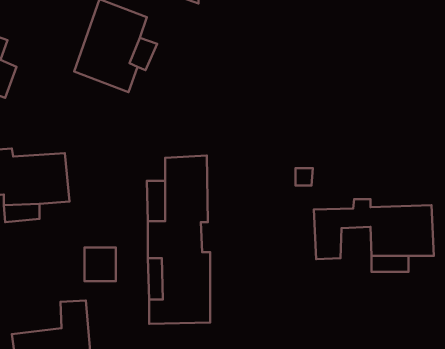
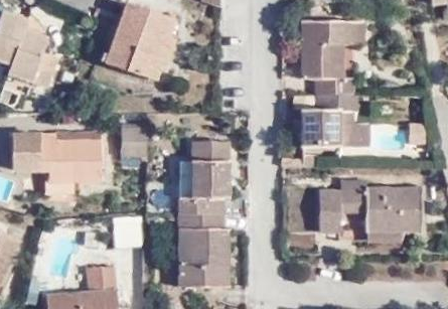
building: none -> [294,11,354,142]
building: none -> [121,127,146,167]

